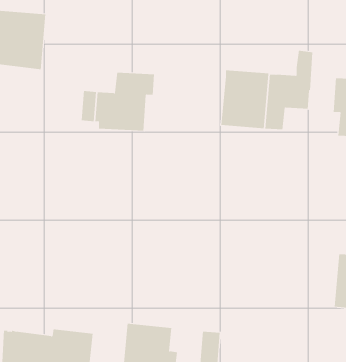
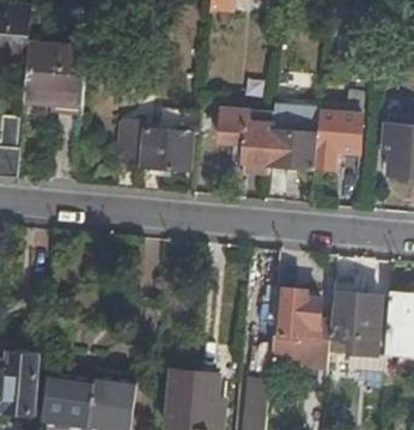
building: none -> [217,109,272,172]
building: none -> [328,278,380,352]
building: none -> [269,289,319,368]

